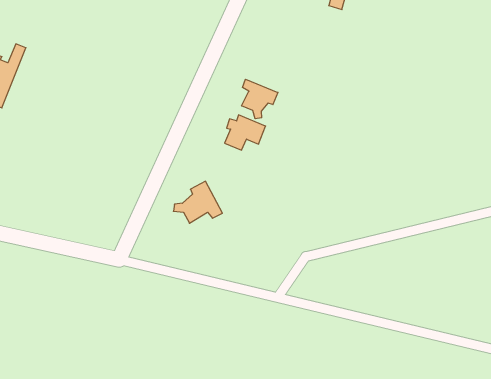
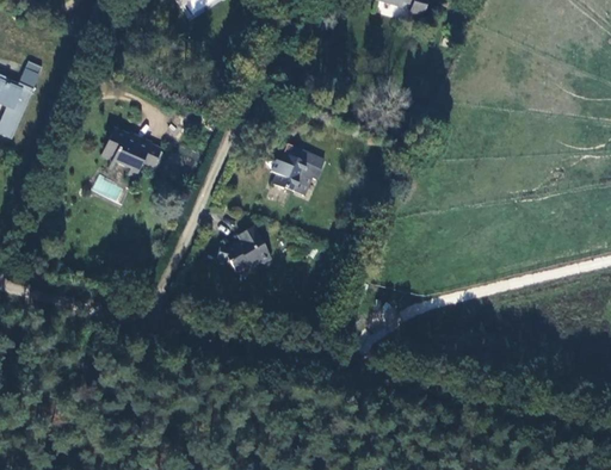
building: [242,79,278,119] -> none
building: none -> [97,131,159,179]

